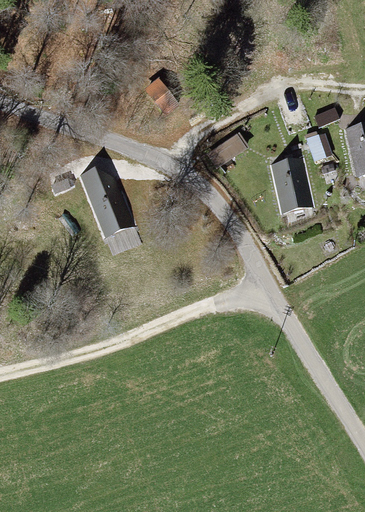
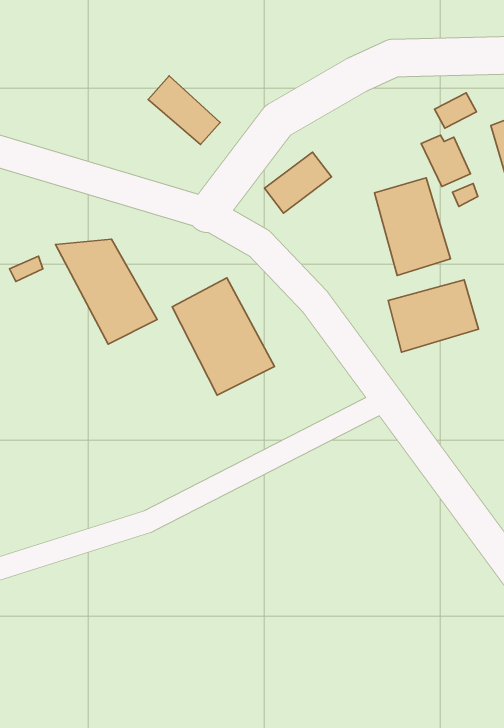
building: none -> [172,278,275,395]
building: none -> [388,280,478,352]

